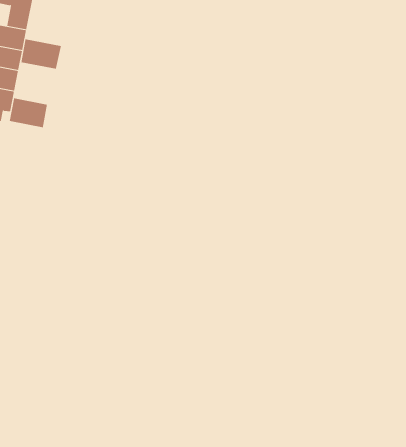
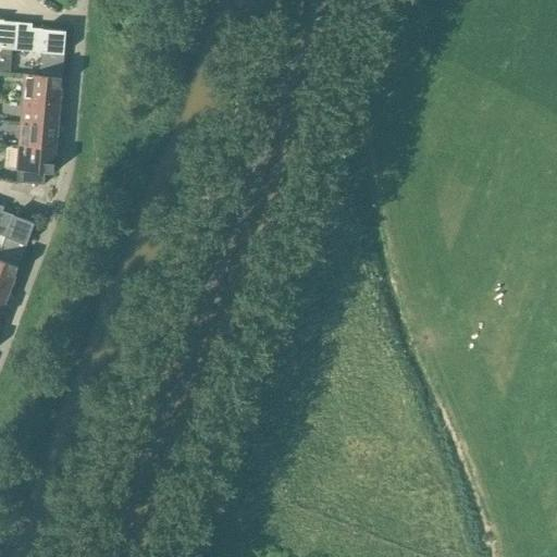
building: [21,39,62,69] -> none
building: [9,98,48,128] -> none

